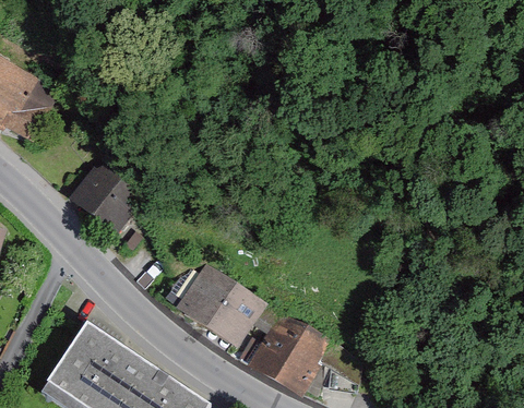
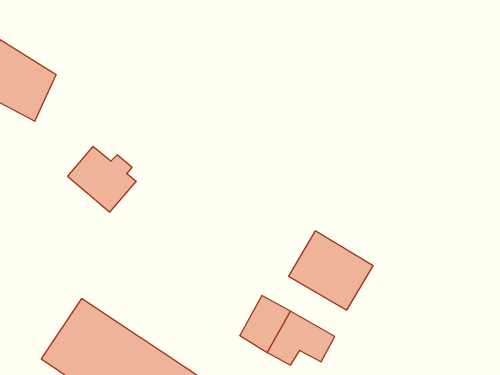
building: [177,264,264,346] -> [289,231,373,310]

